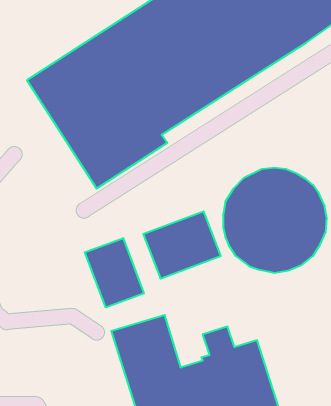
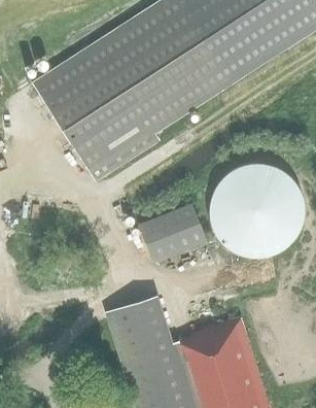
building: [85,238,144,307] -> none

